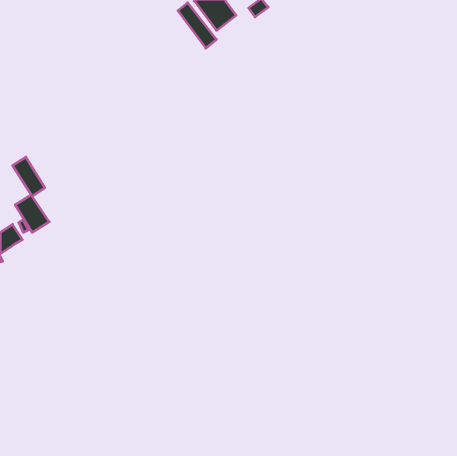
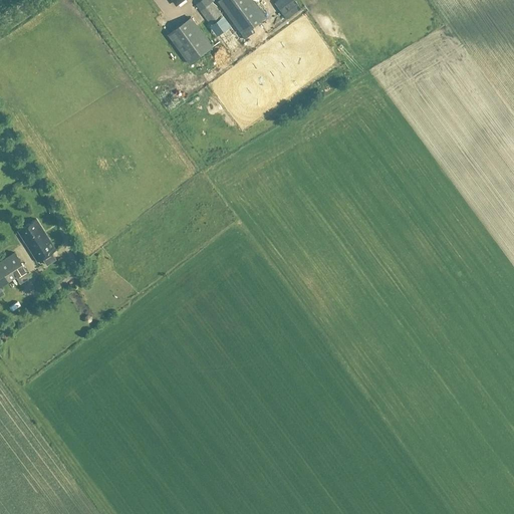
building: none -> [168,17,212,63]
building: [13,157,45,196] -> none

